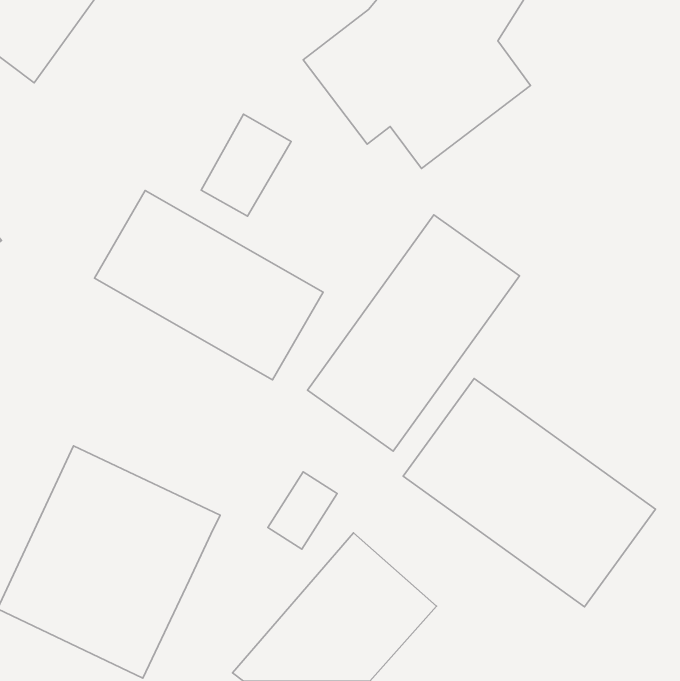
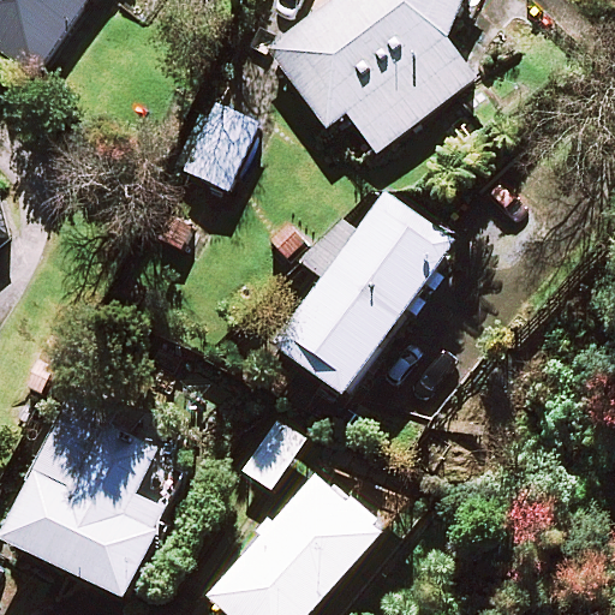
building: [94,190,323,380] -> none
building: [403,378,656,607] -> none

